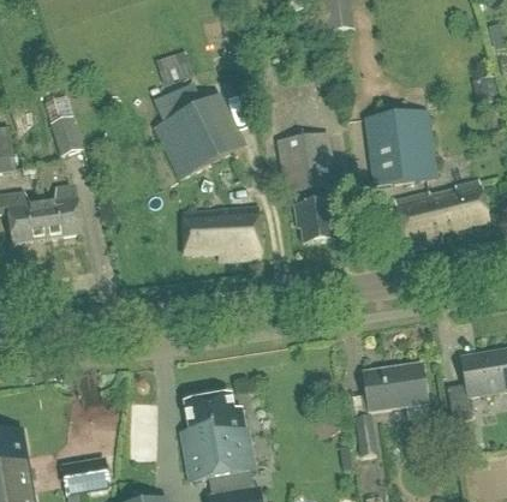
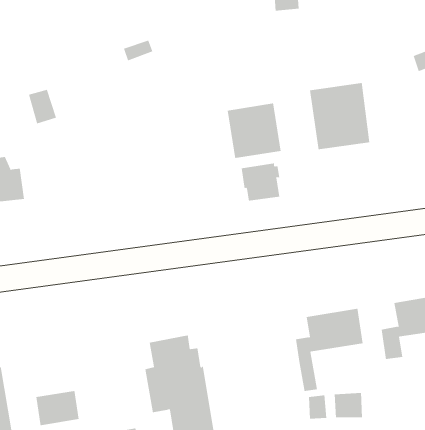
building: [150,82,245,179] -> none
building: [393,180,487,250] -> none
building: [42,185,82,239] -> none
building: [181,207,258,259] -> none
building: none -> [334,392,363,418]

